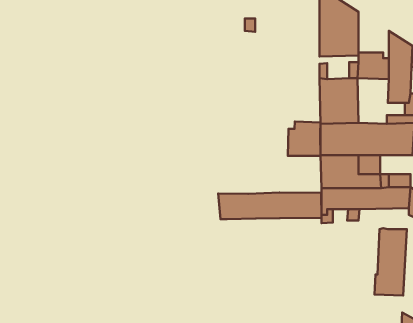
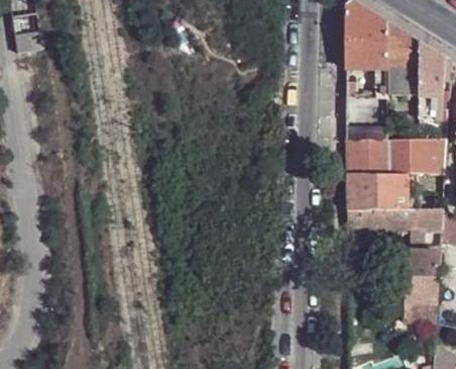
building: none -> [387,22,420,67]
building: [288,122,321,156] -> none
building: [218,193,322,219] -> none

